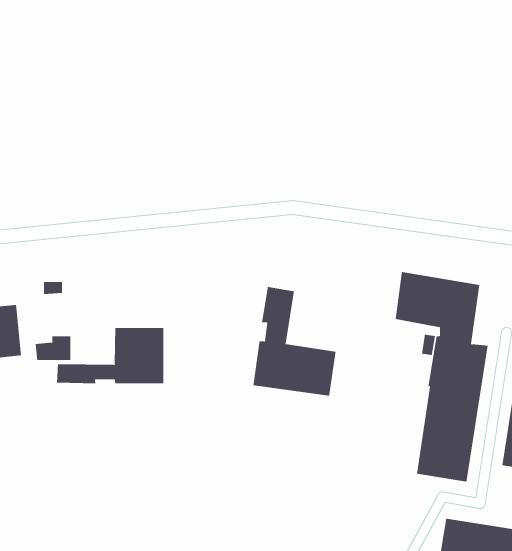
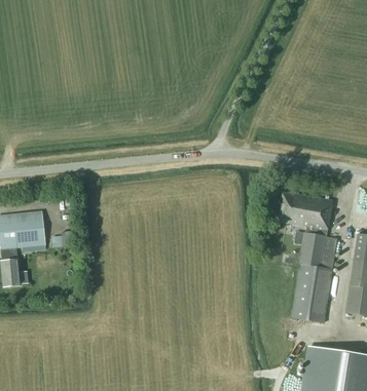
building: [253,286,336,396] -> none
building: [57,327,164,384] -> none

